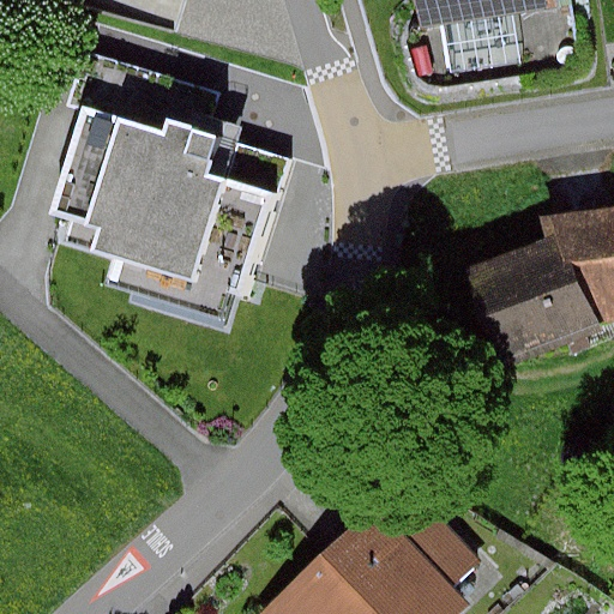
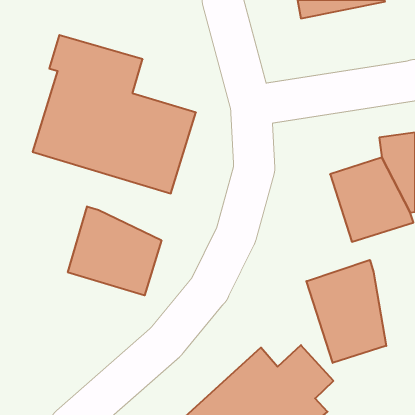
building: none -> [68,206,161,295]
building: none -> [306,260,386,363]

